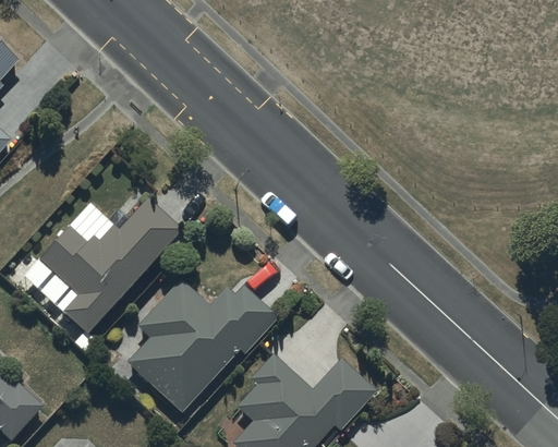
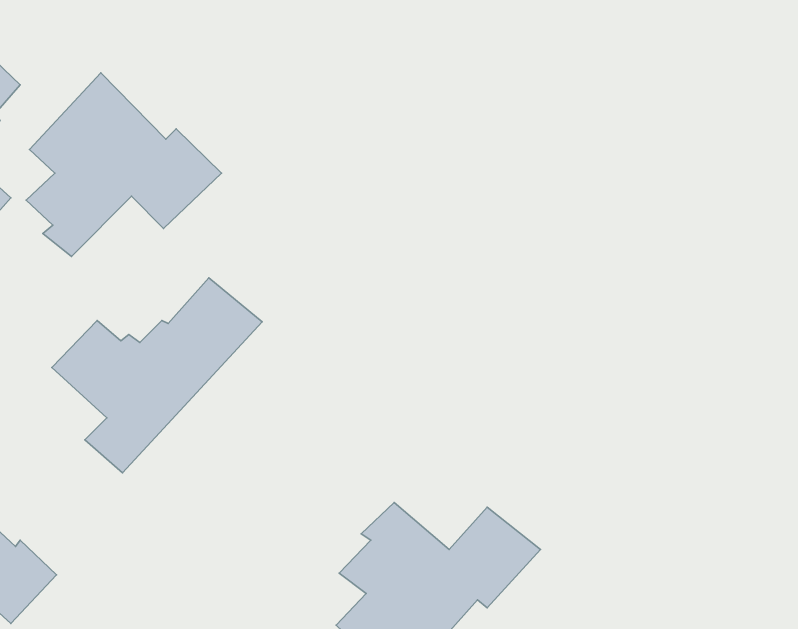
building: none -> [26,73,221,257]
building: [128,281,277,411] -> none

